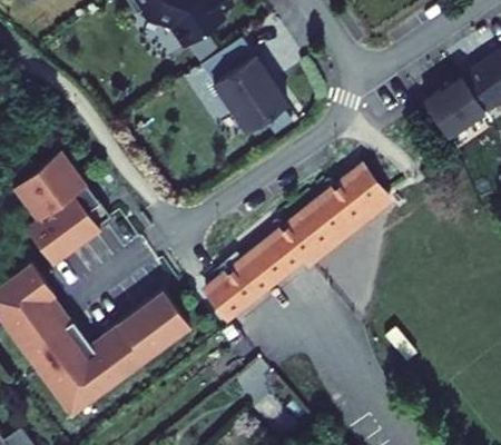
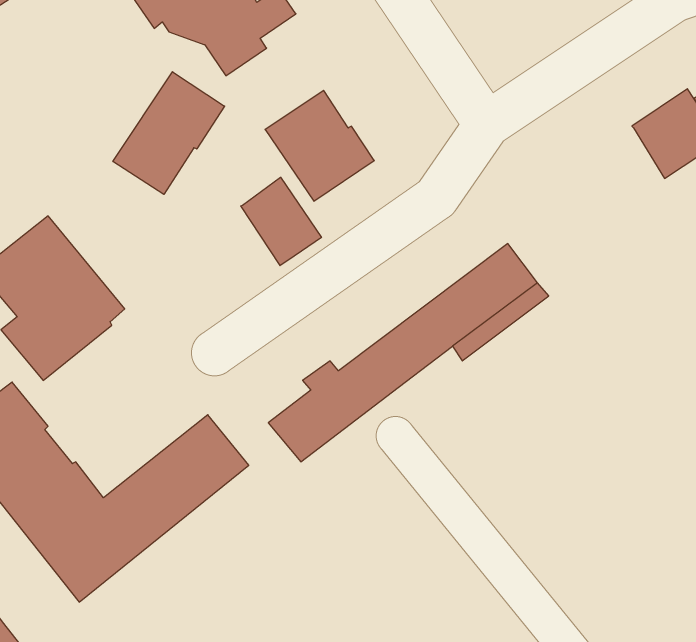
building: none -> [113,72,225,194]
building: [415,89,477,148] -> none
building: none -> [241,177,321,266]

